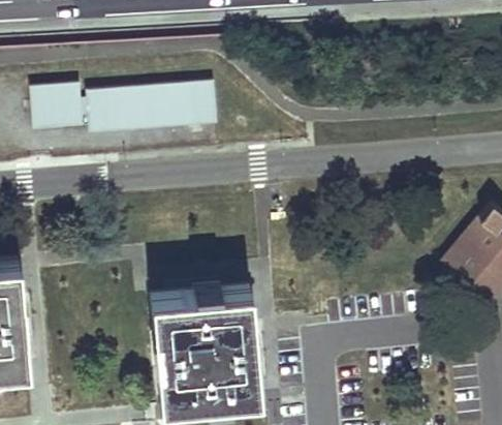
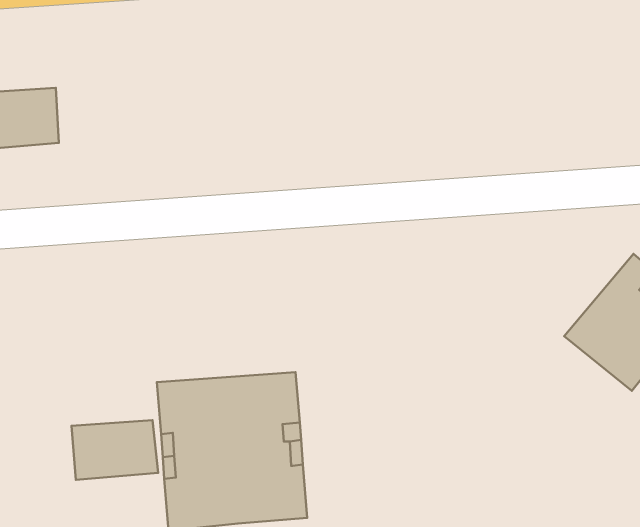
building: [87,81,214,130] -> none
building: none -> [72,420,158,480]

